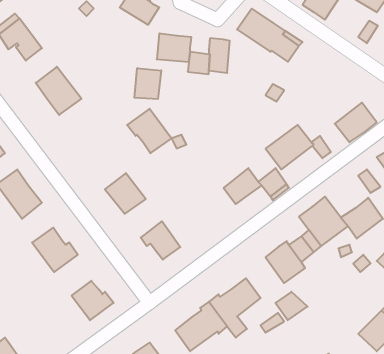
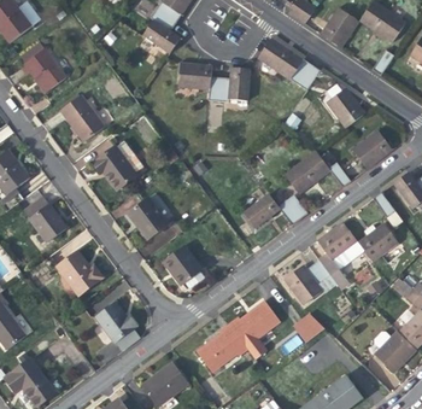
building: none -> [327,88,365,128]
building: [134,68,161,99] -> none
building: [127,109,172,153] -> [93,146,136,189]

